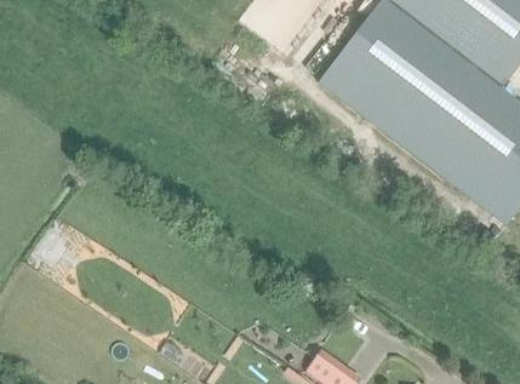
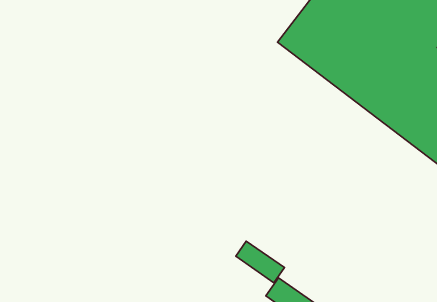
building: none -> [236,241,284,283]

